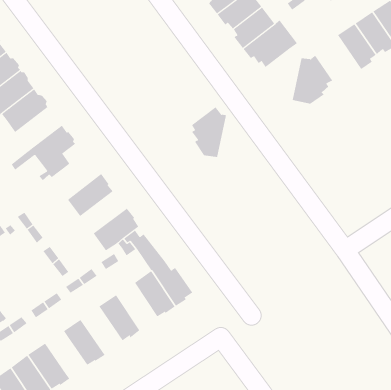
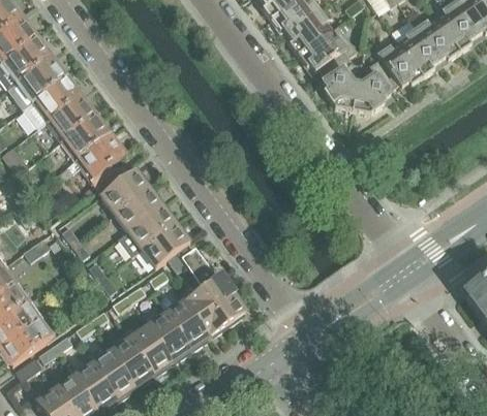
building: none -> [374,39,422,87]
building: [191,106,227,158] -> [322,54,359,107]
building: none -> [59,115,109,160]
building: none -> [100,167,150,212]
building: none -> [118,202,177,254]
building: none -> [165,298,208,348]
building: none -> [128,323,172,374]
building: none -> [91,349,134,398]

